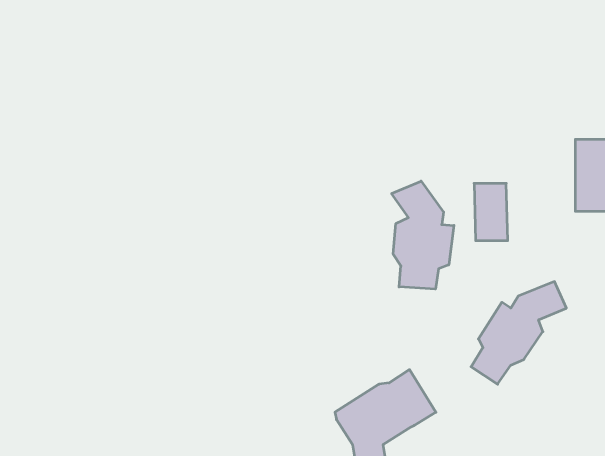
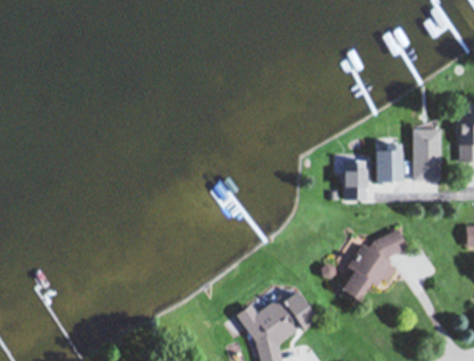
building: none -> [374,149,400,179]
building: [392,181,454,289] -> none

